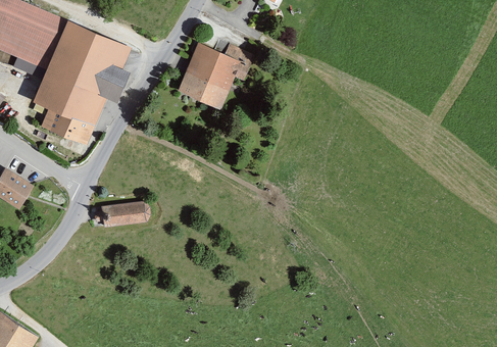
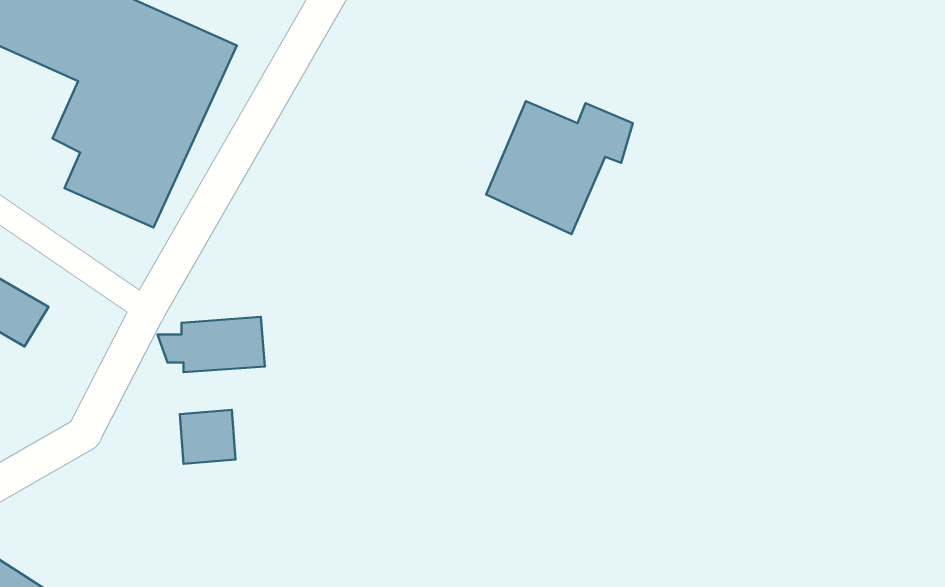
building: [178,44,253,112] -> [486,101,633,234]
building: none -> [180,410,235,464]

